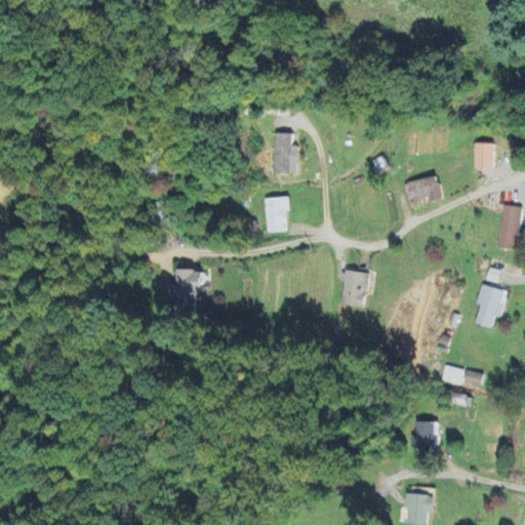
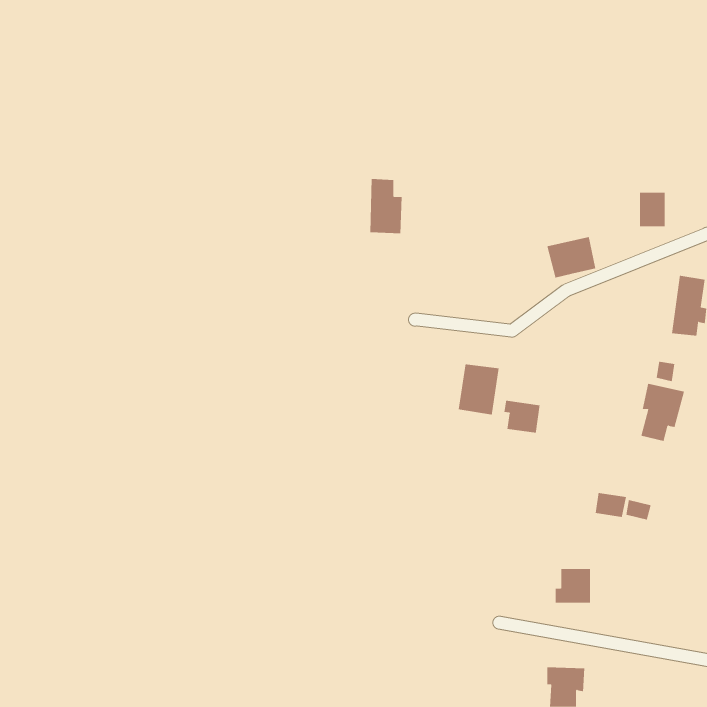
building: [265,197,289,232] -> none
building: [166,270,203,307] -> none
building: none -> [504,400,540,434]

